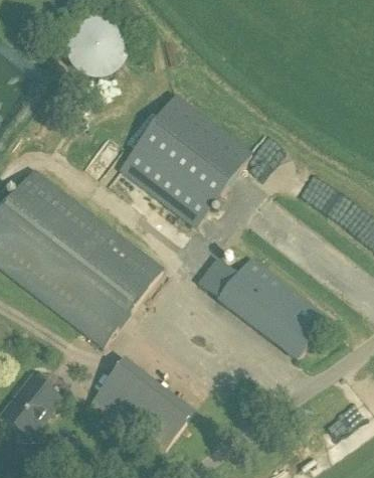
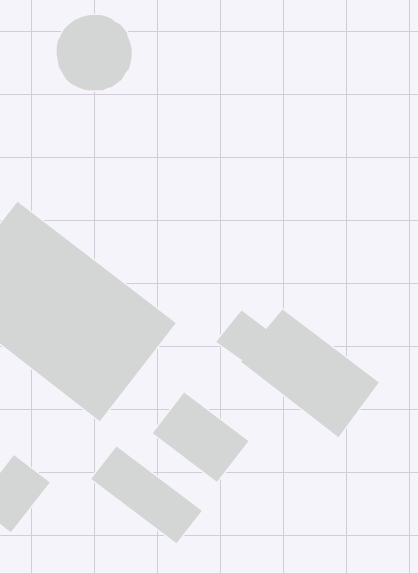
building: [118,92,252,225] -> none
building: none -> [152,391,250,483]

